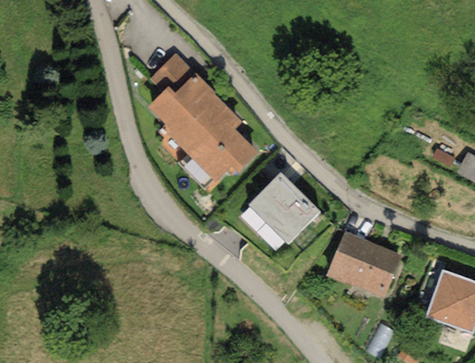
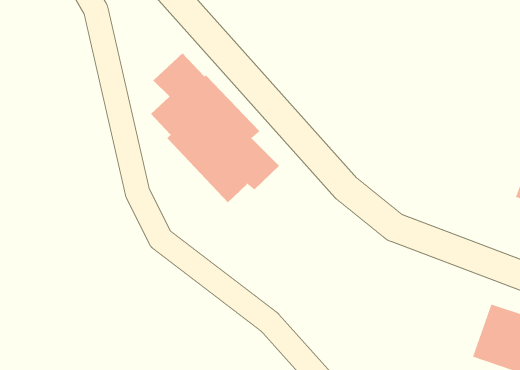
building: [246,170,321,244] -> none
building: [327,230,400,296] -> none

